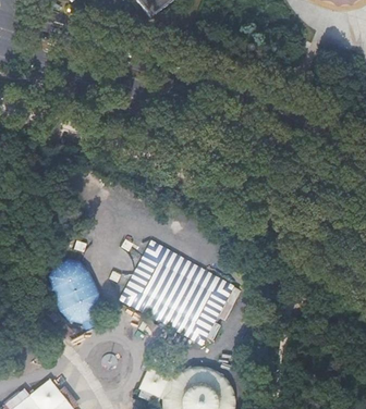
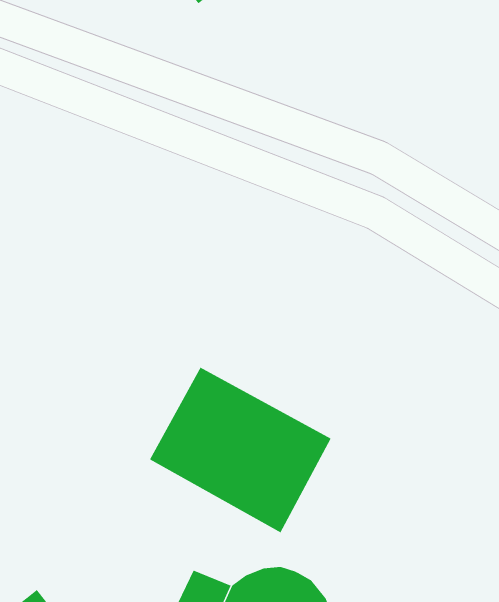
building: [48,250,100,332] -> none

